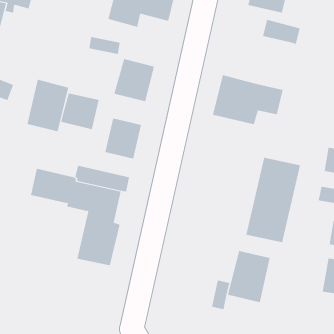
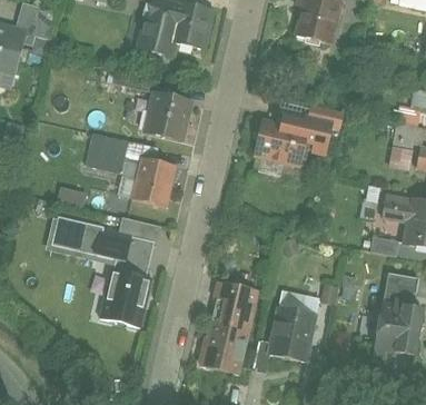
building: [262,19,301,44] -> [303,101,345,129]
building: [27,79,69,132] -> none
building: [246,157,301,243] -> [197,280,258,375]

